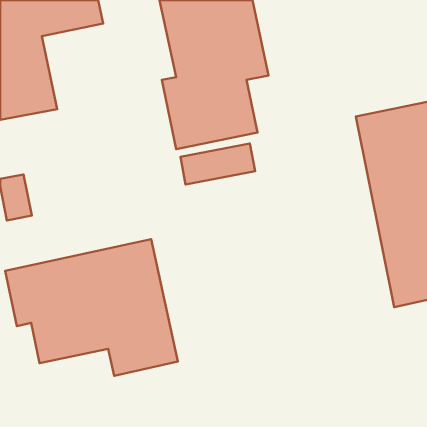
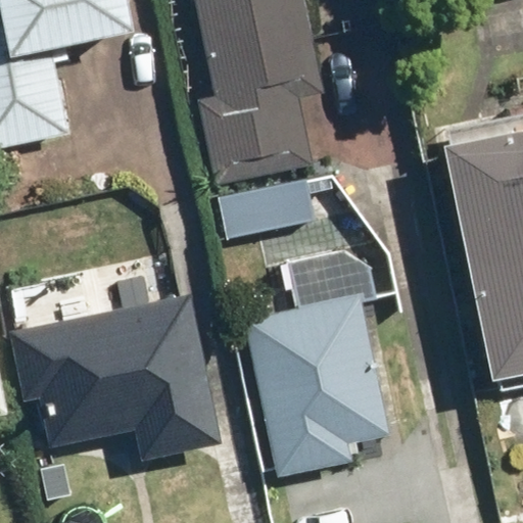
building: none -> [243,285,398,473]

